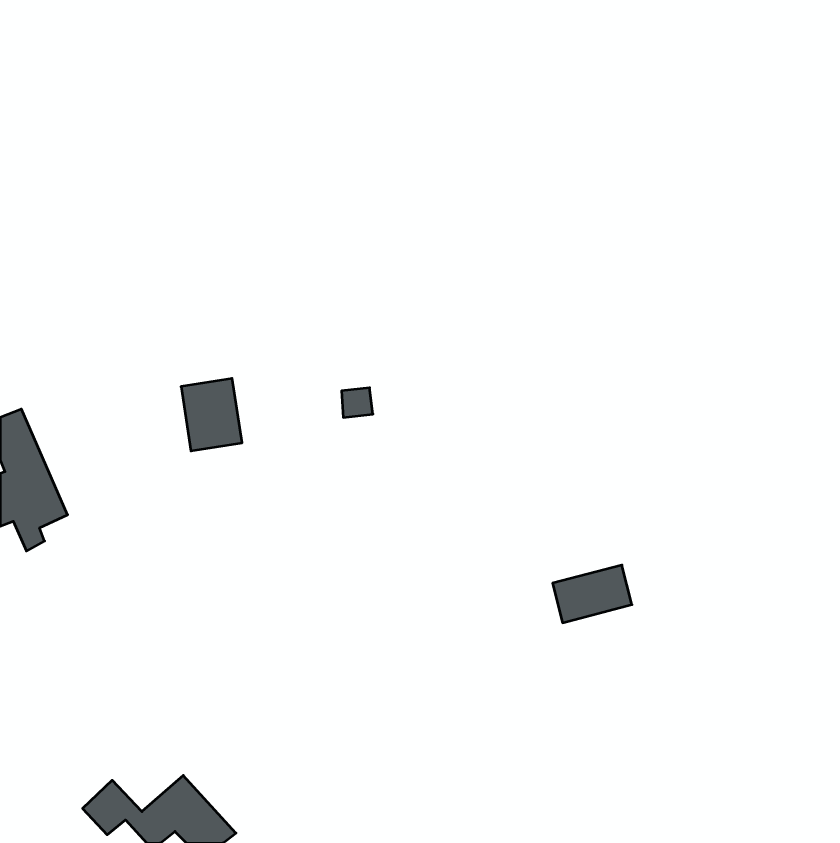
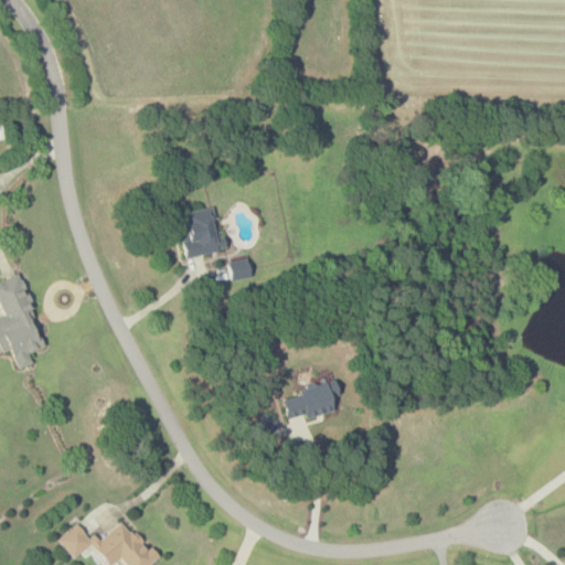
building: [181,378,242,451] -> [180,209,221,257]
building: [553,565,632,623] -> [284,383,337,422]

